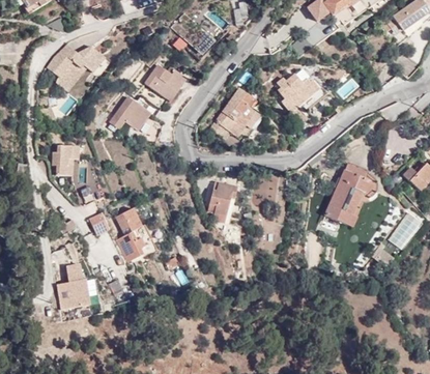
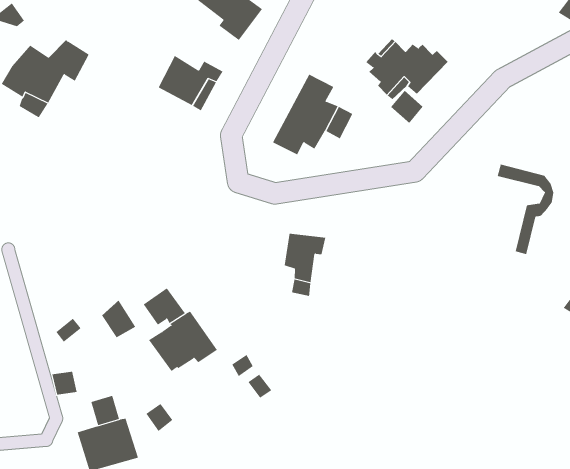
building: [108,96,148,128] -> none
building: [49,145,77,175] -> none
building: [328,168,374,217] -> none

